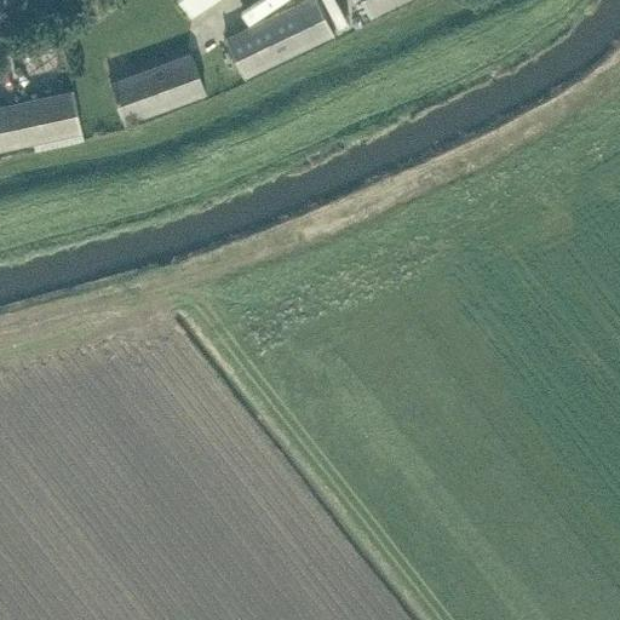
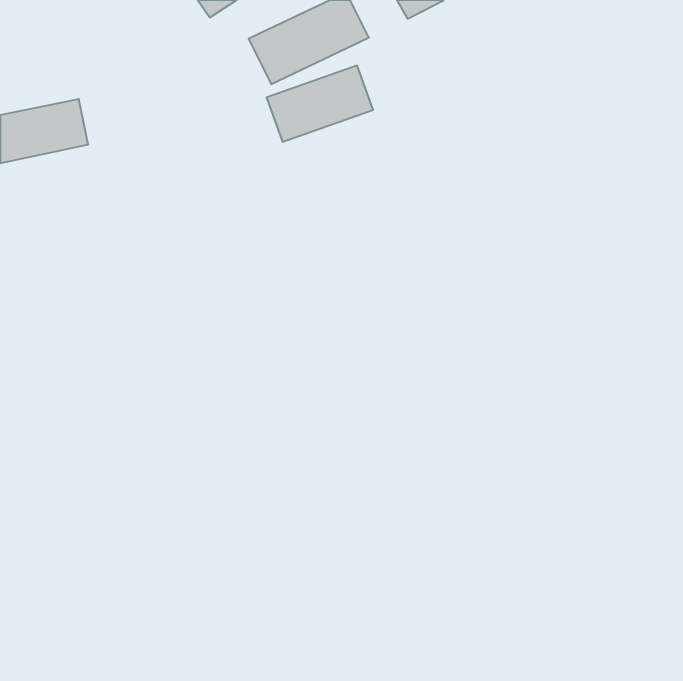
building: [108,56,205,125] -> [266,66,373,142]

